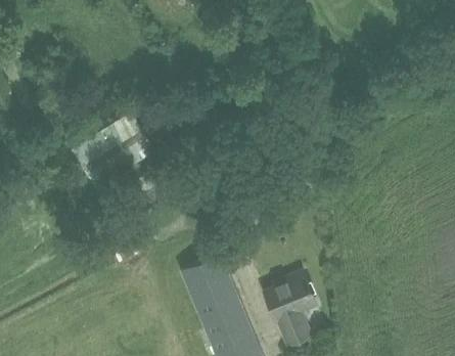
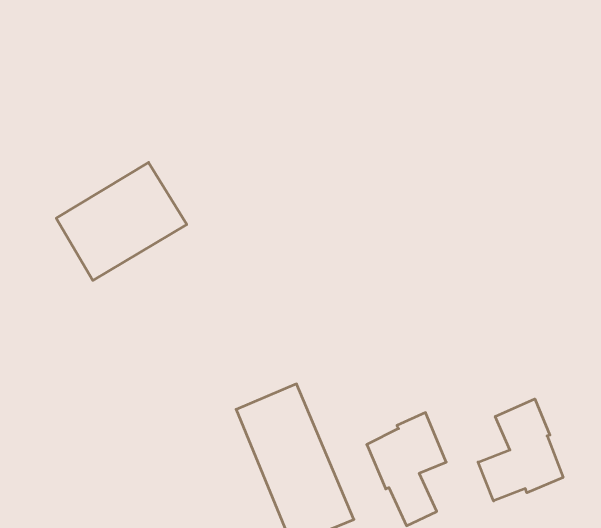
building: none -> [478,399,563,501]

